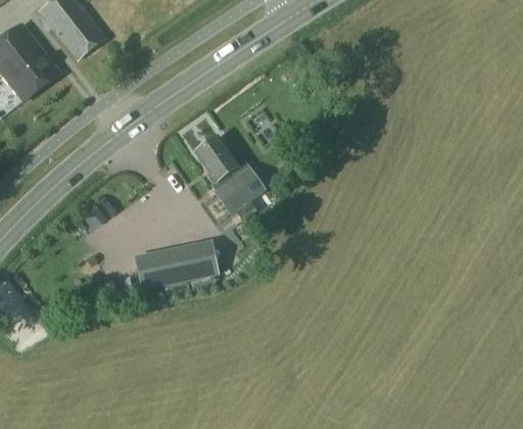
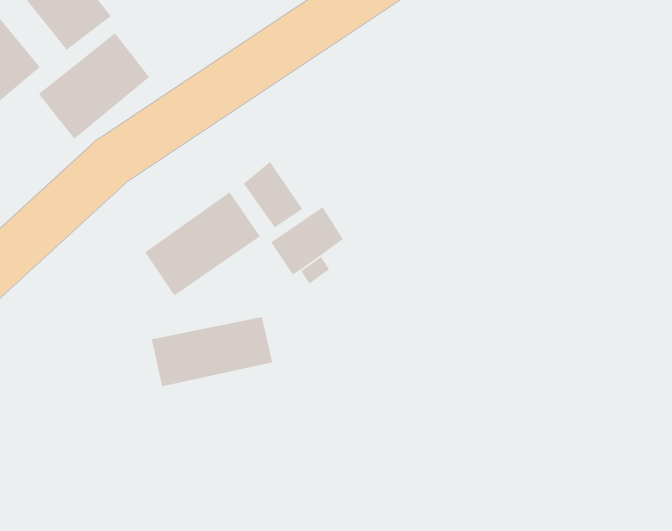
building: none -> [38,32,150,140]
building: none -> [144,191,261,296]

